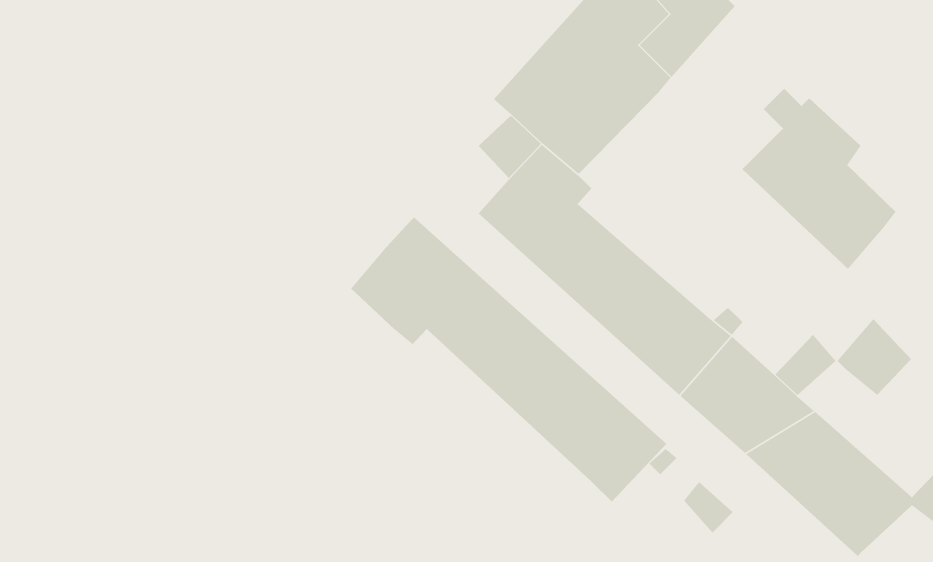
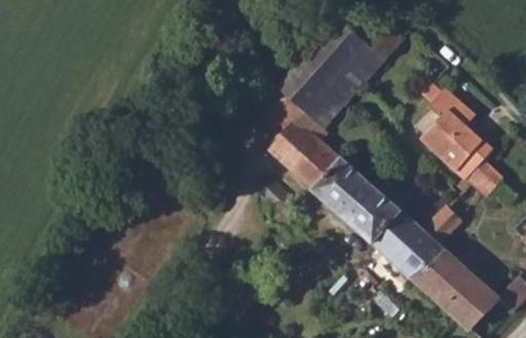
building: [350,216,667,503] -> none
building: [836,318,912,396] -> [464,156,504,197]

